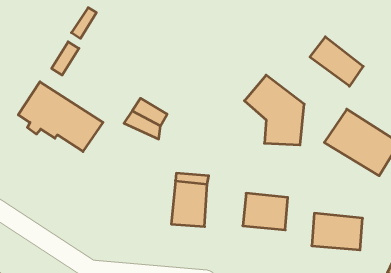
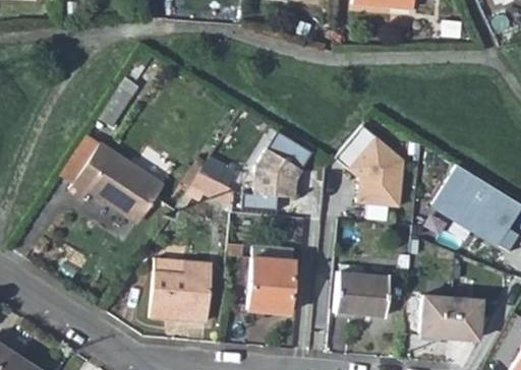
building: [310,37,363,86] -> none
building: none -> [247,136,313,211]
building: none -> [150,260,210,319]

